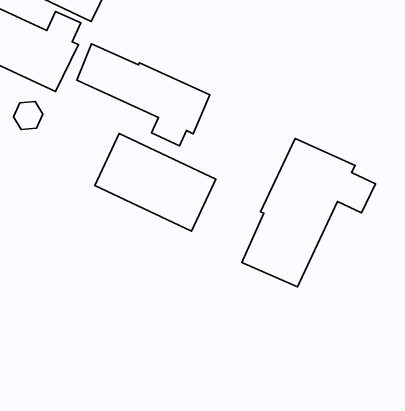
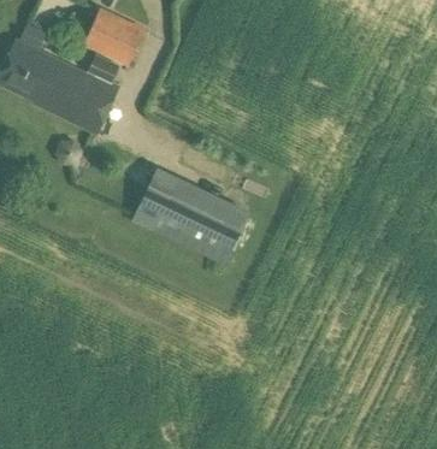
building: [77,44,210,146] -> none
building: [242,139,375,287] -> none

